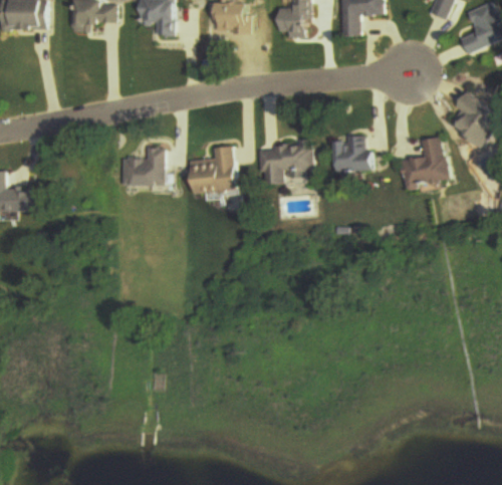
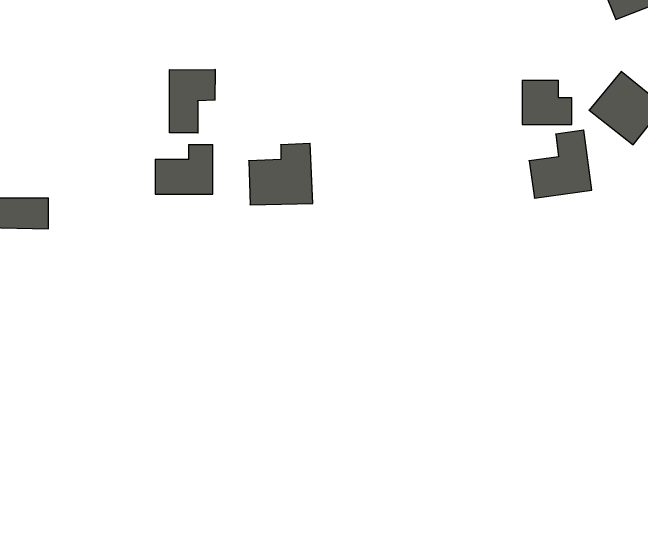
building: none -> [170,69,215,133]
building: [335,138,372,171] -> [522,80,572,124]
building: [259,143,313,184] -> none

